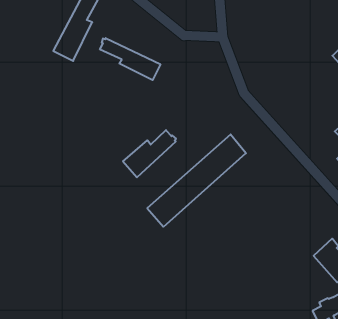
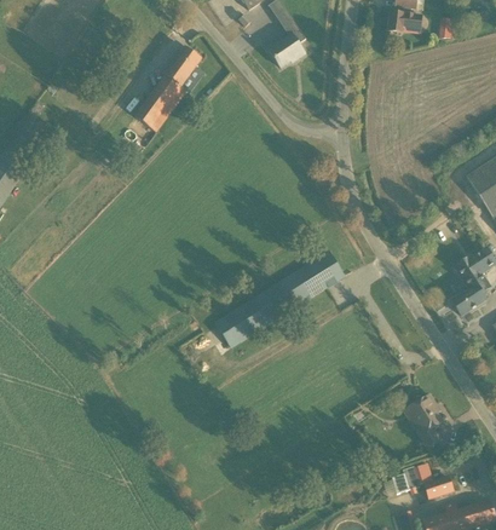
building: [100,38,160,80] -> none
building: [123,130,176,177] -> none

